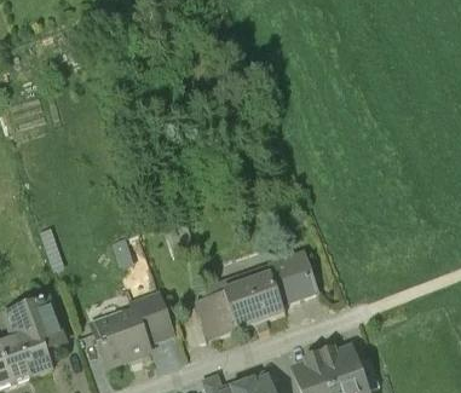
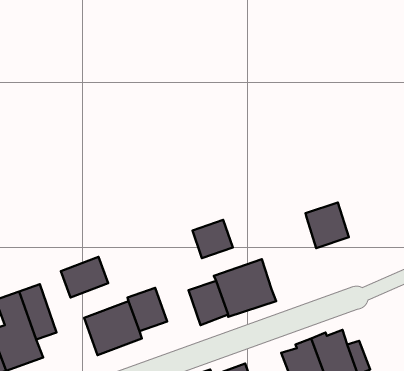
building: none -> [192,220,233,258]
building: [270,255,313,301] -> [305,202,349,248]
building: none -> [61,257,108,297]

